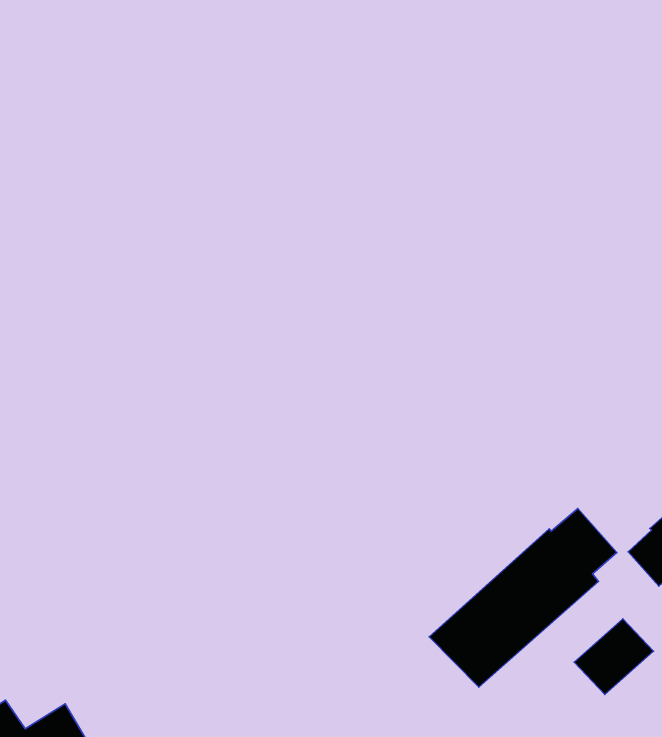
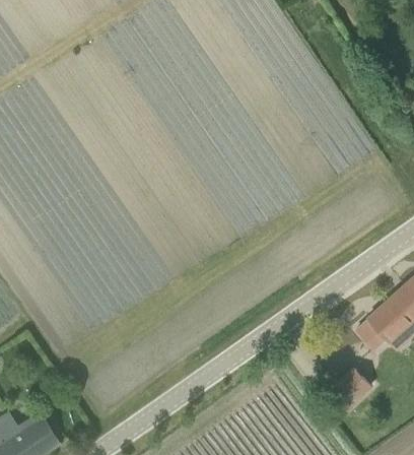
building: [429,508,617,687] -> none

